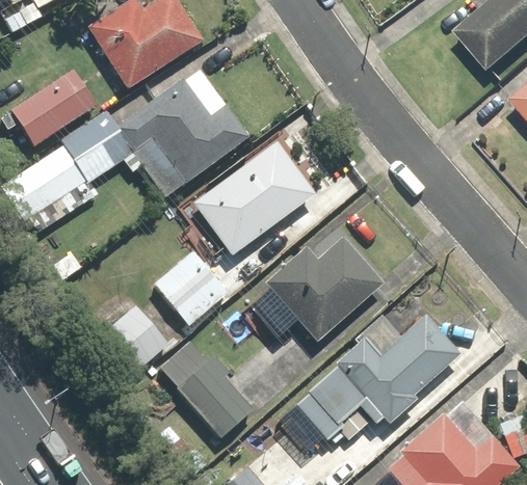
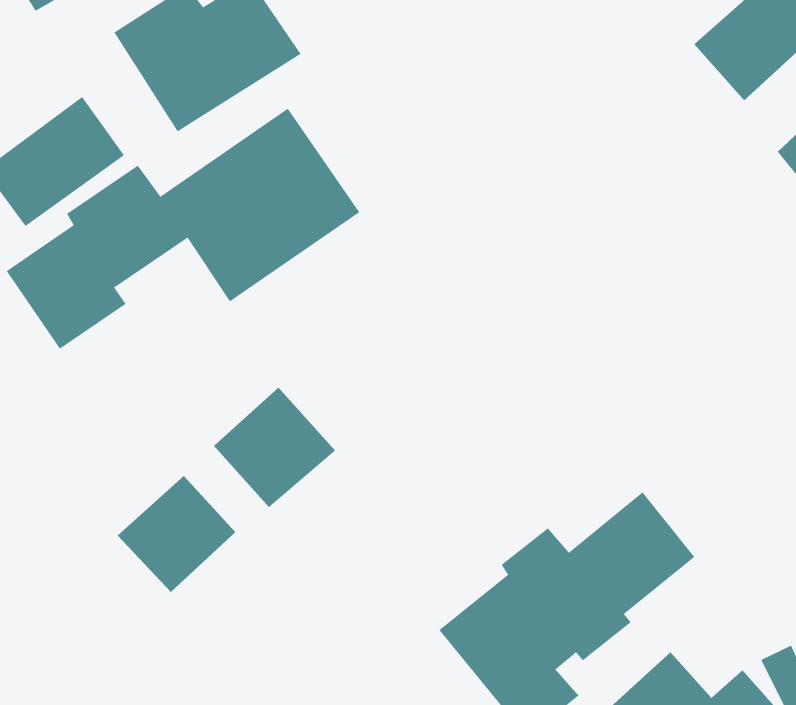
building: [191,138,319,258] -> none
building: [266,237,387,344] -> none
building: [154,334,258,441] -> none

